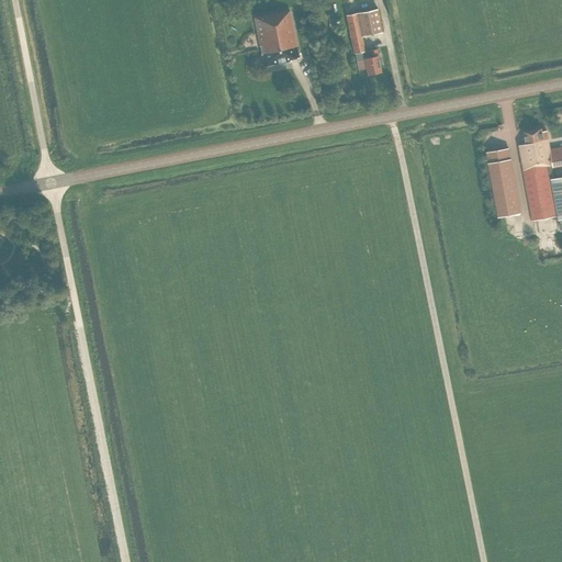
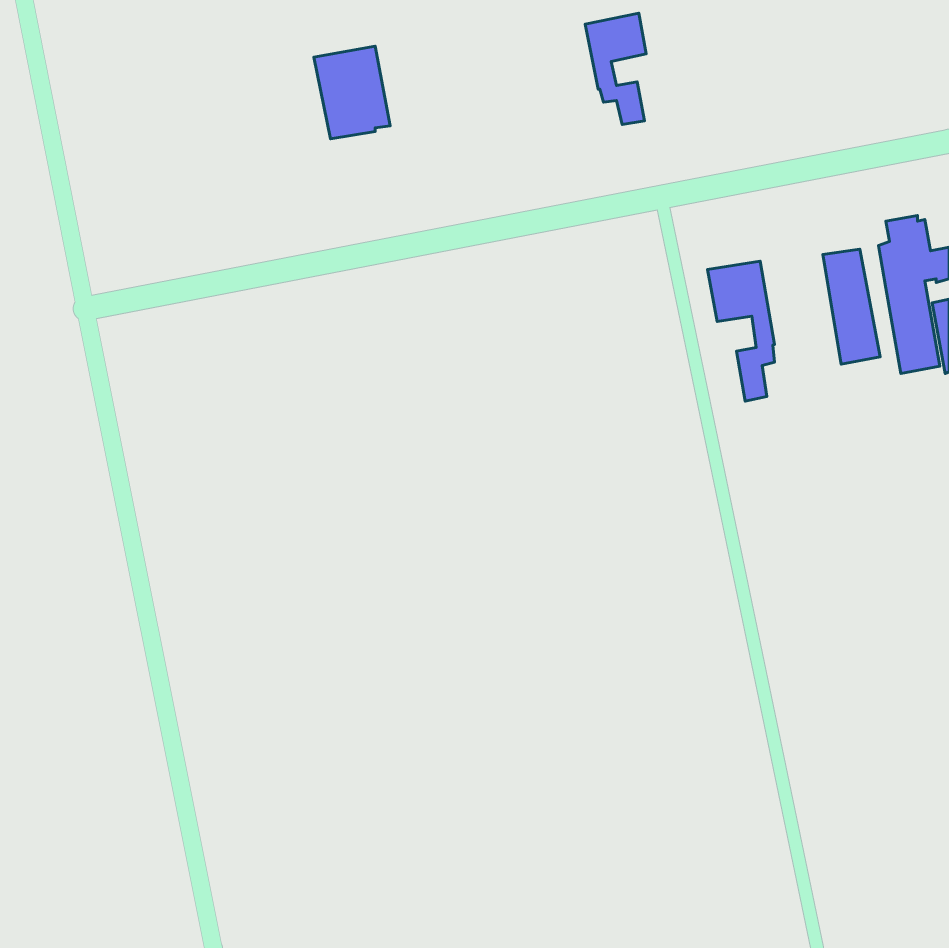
building: [254,10,299,65] -> [314,46,390,139]
building: none -> [708,261,775,401]

